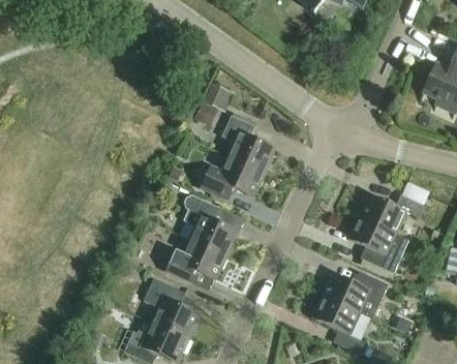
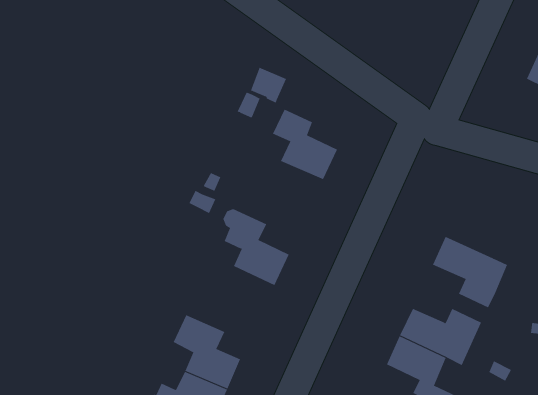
building: [205,157,263,199] -> none
building: [359,193,424,234] -> none
building: [166,240,224,281] -> none

